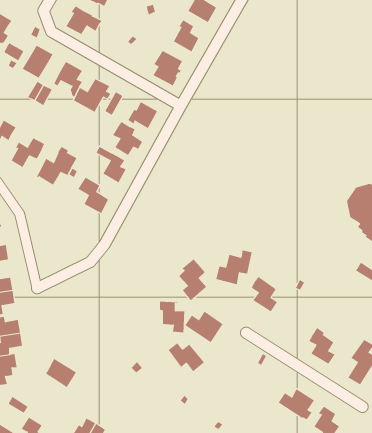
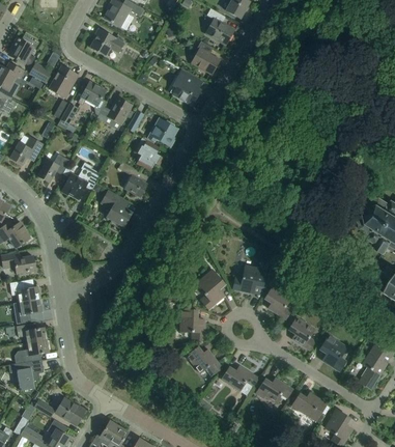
building: none -> [288,316,315,350]
building: [184,311,224,344] -> [221,365,258,396]
building: [45,358,77,388] -> [55,397,85,425]
building: none -> [255,378,292,402]

